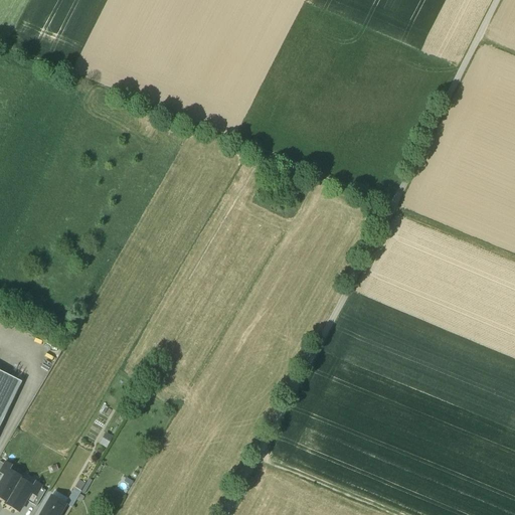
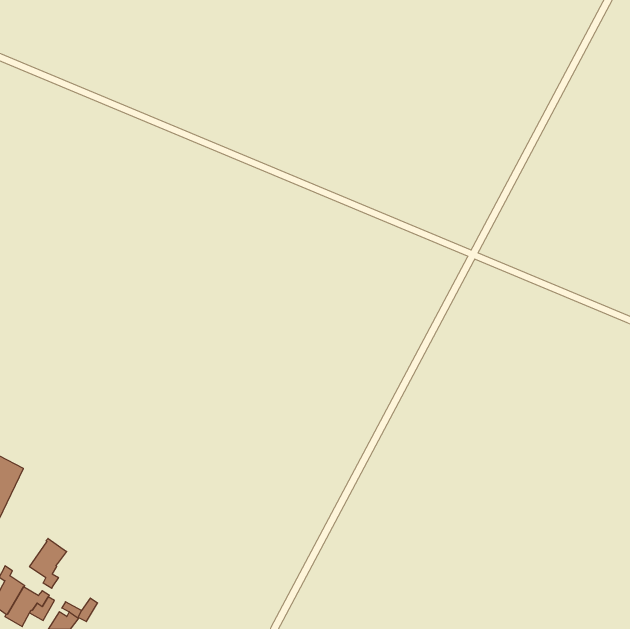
building: none -> [30,538,67,588]

